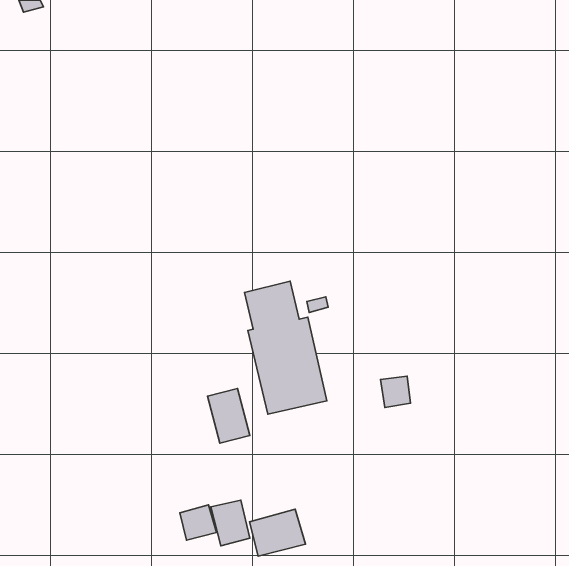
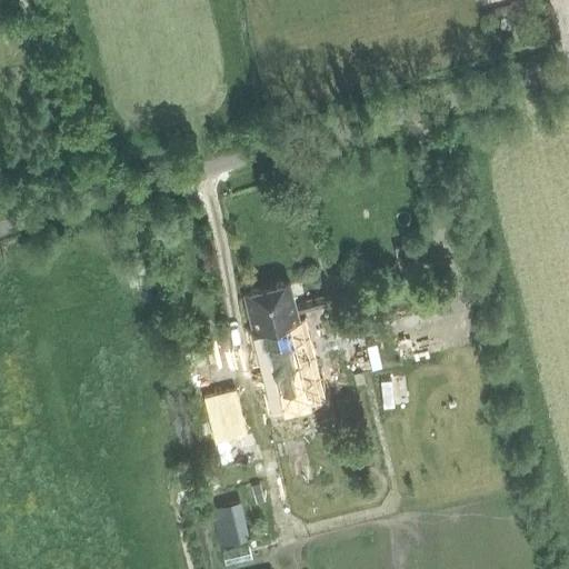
building: [180,505,216,540] -> none
building: [250,509,305,556] -> none

